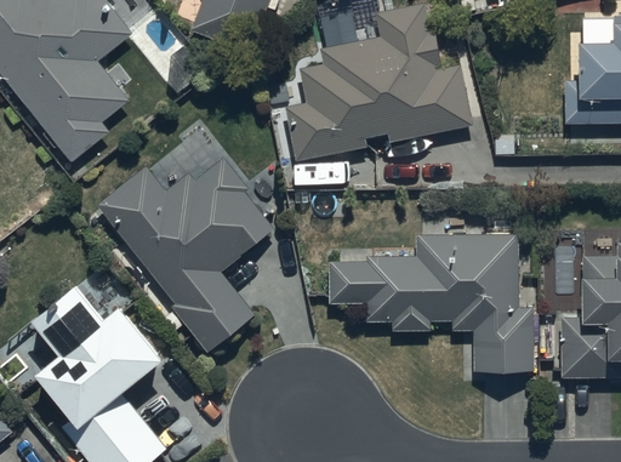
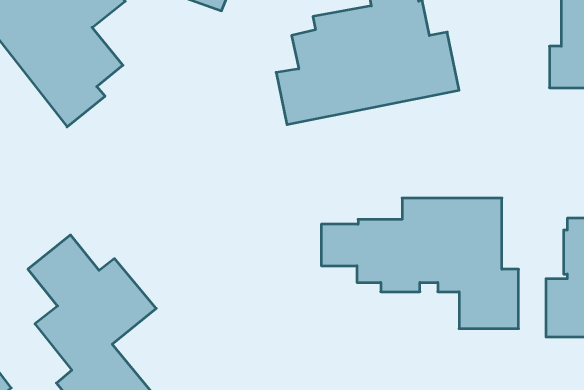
building: [98,156,274,352] -> none

